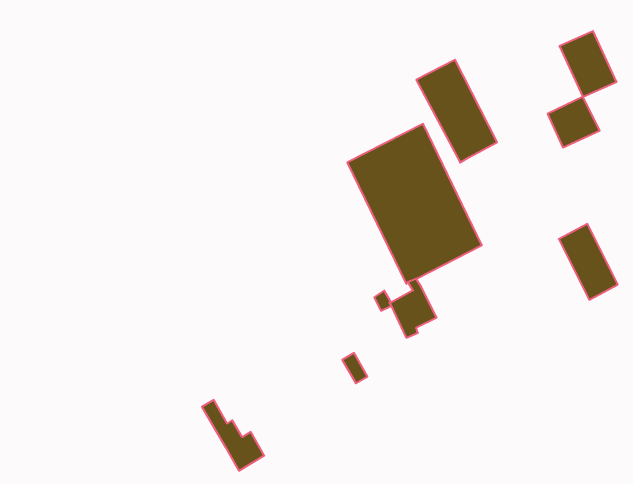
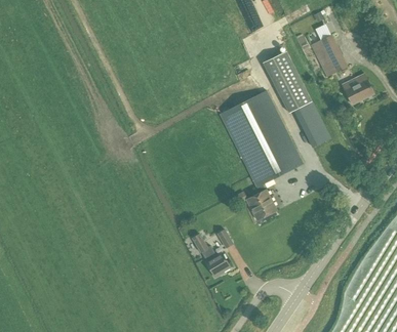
building: [559,31,617,97] -> [311,35,346,75]
building: [559,224,618,300] -> [293,100,329,147]
building: [202,400,264,471] -> [191,233,229,276]

